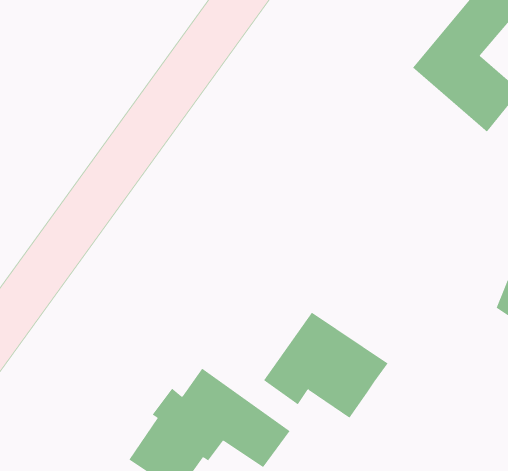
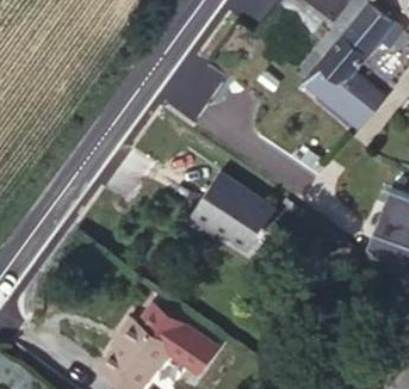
building: [263,312,388,418] -> [185,177,274,253]

